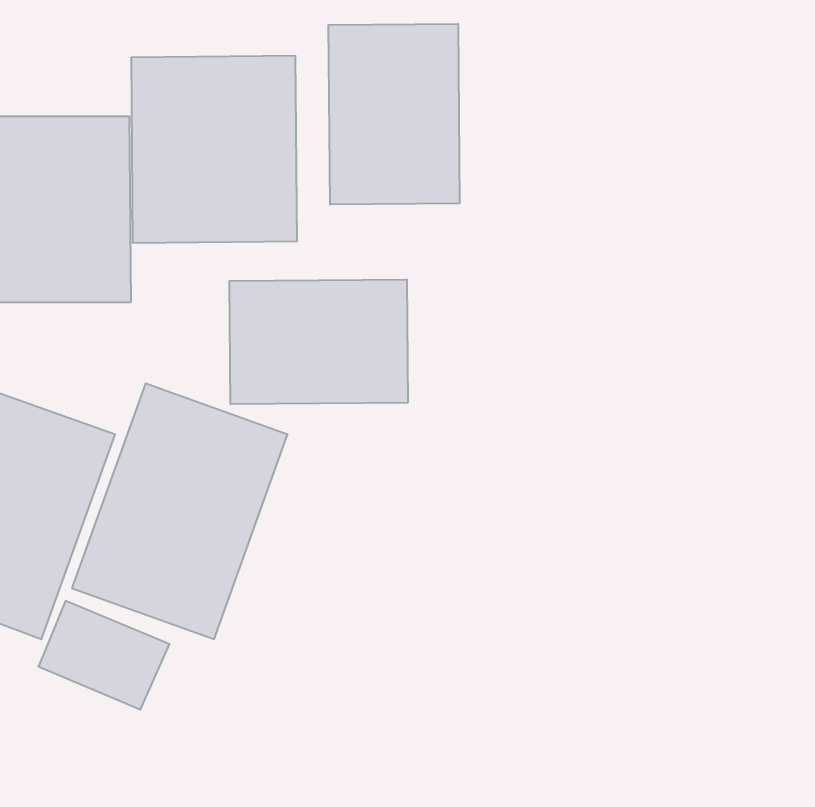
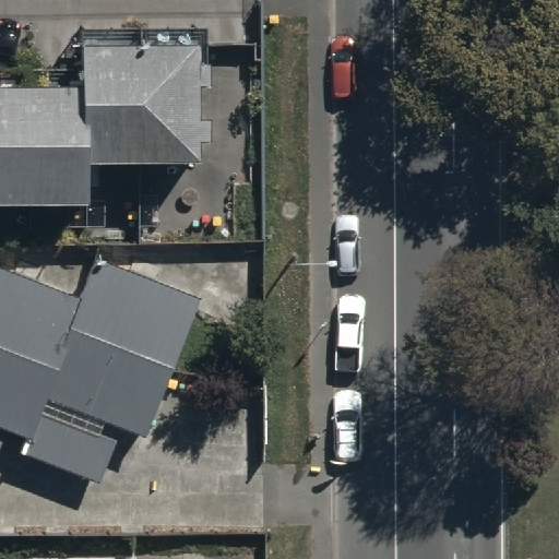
building: [328,24,460,205] -> none
building: [229,279,408,404] -> none

